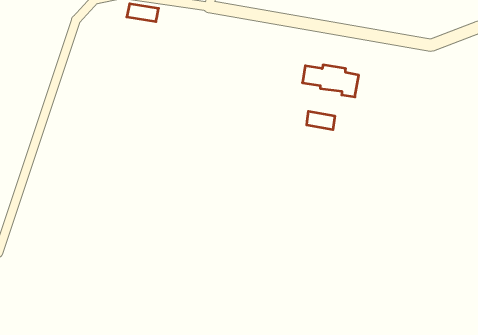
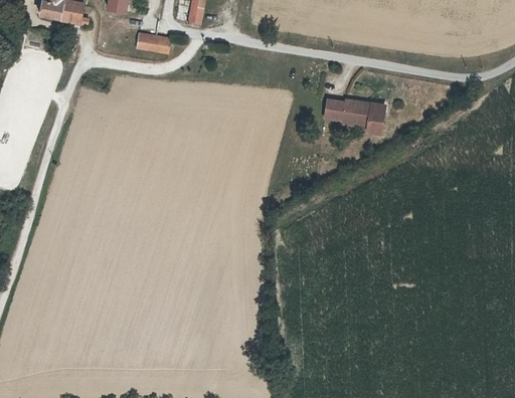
building: [307,111,335,130] -> none

